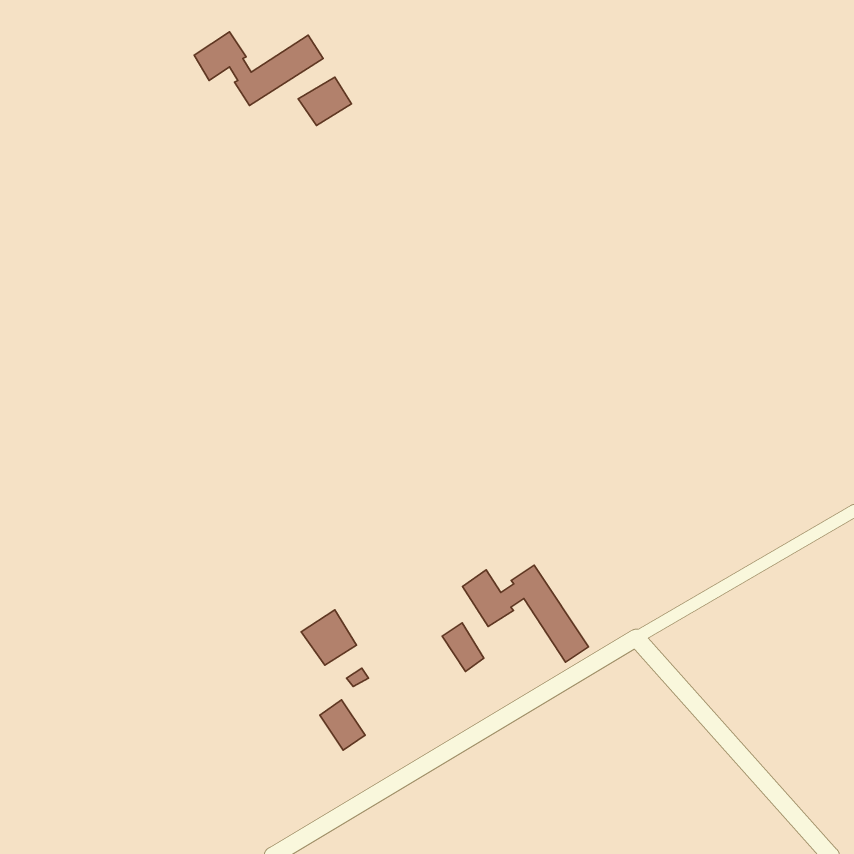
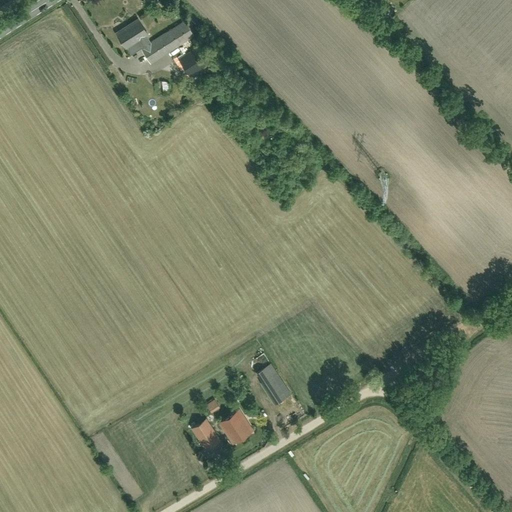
building: [463,565,589,662] -> none
building: [301,610,357,665] -> [218,410,251,443]

